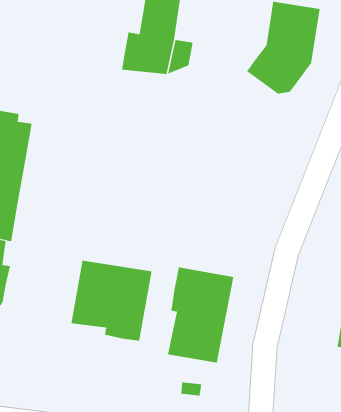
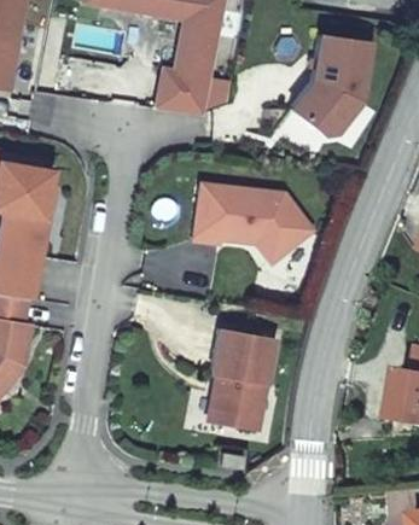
building: none -> [191,180,314,264]
building: [71,260,152,342] -> none

